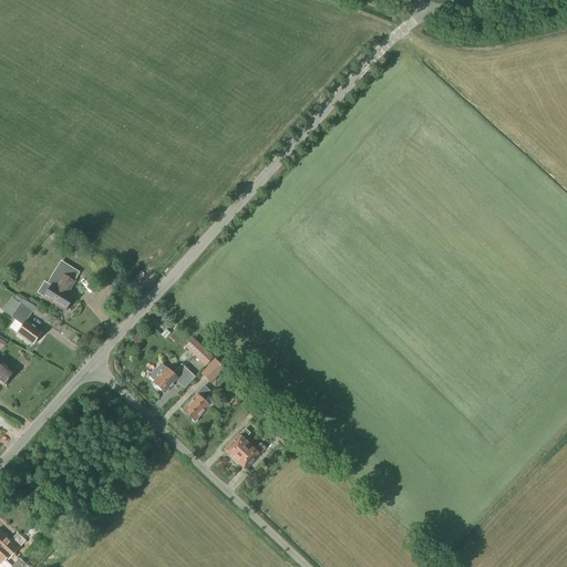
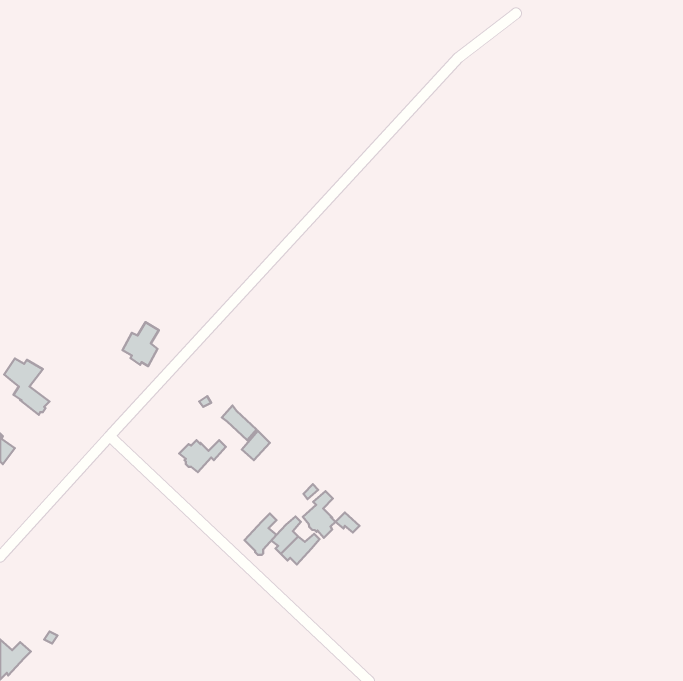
building: [43,274,73,310] -> [123,322,159,366]
building: [182,386,208,421] -> [244,513,277,555]
building: none -> [303,491,335,538]

